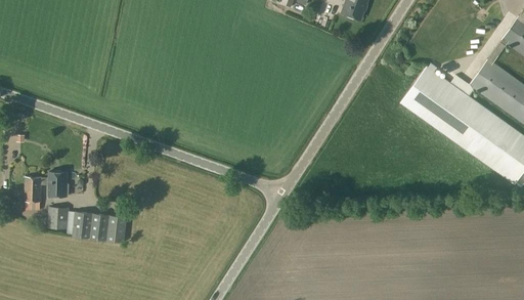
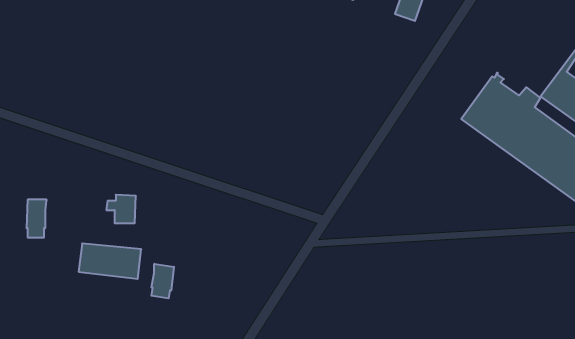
building: [42,169,68,194] -> [106,195,136,223]
building: [48,207,71,228] -> none
building: none -> [151,264,174,298]

